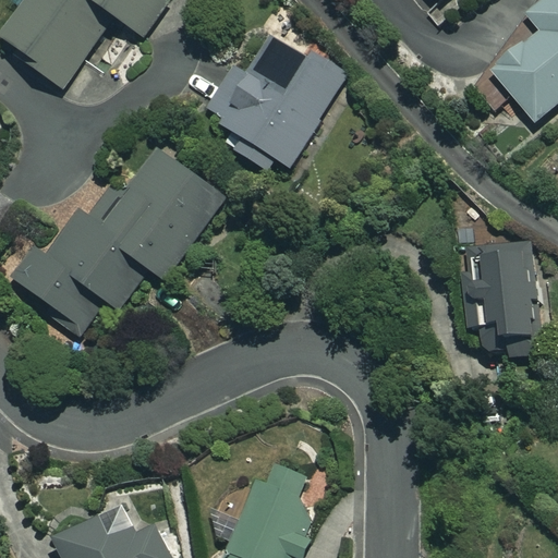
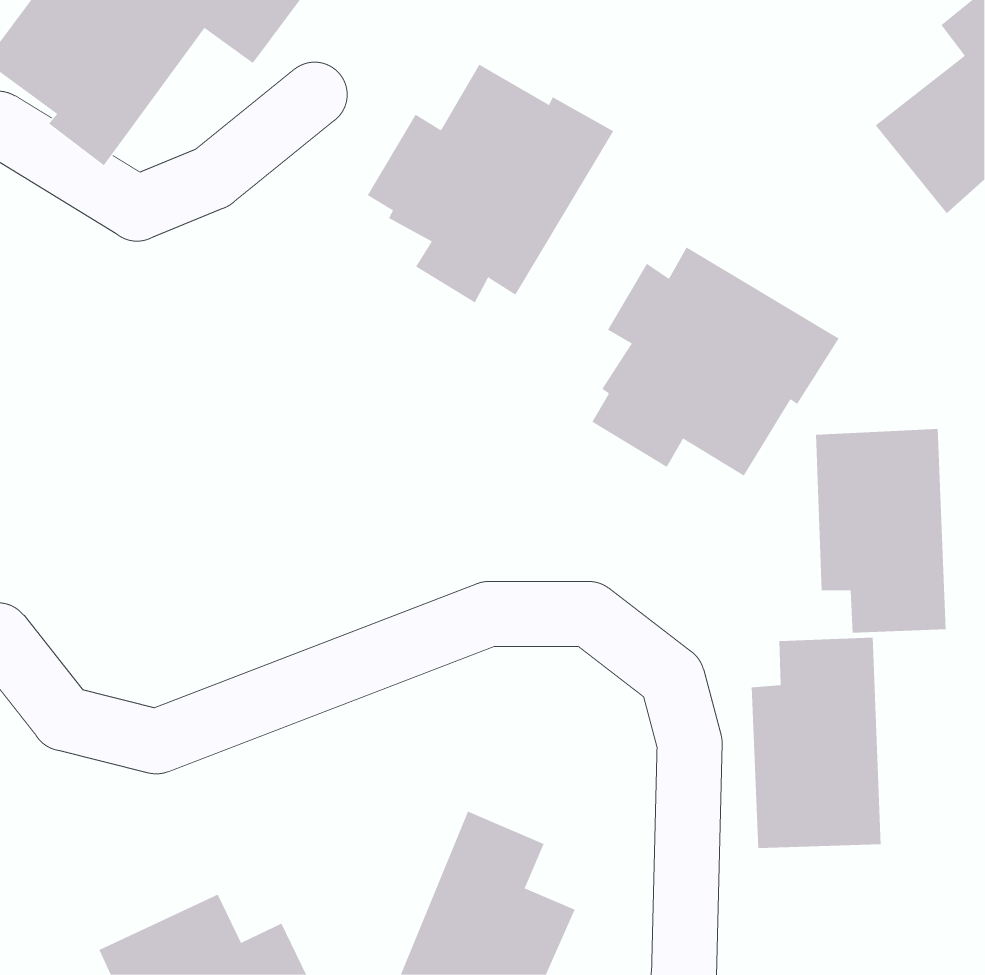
building: none -> [591,247,839,477]
building: [14,147,227,332] -> none
building: none -> [751,637,881,849]

